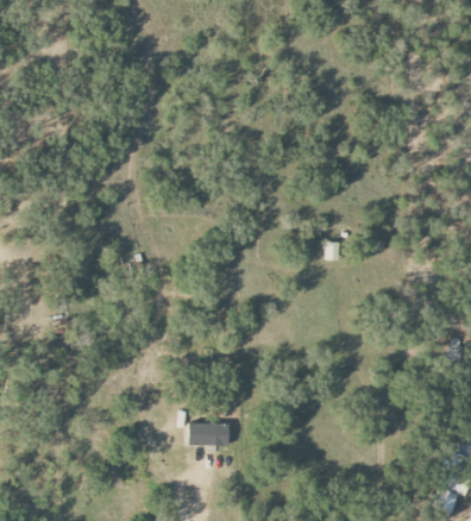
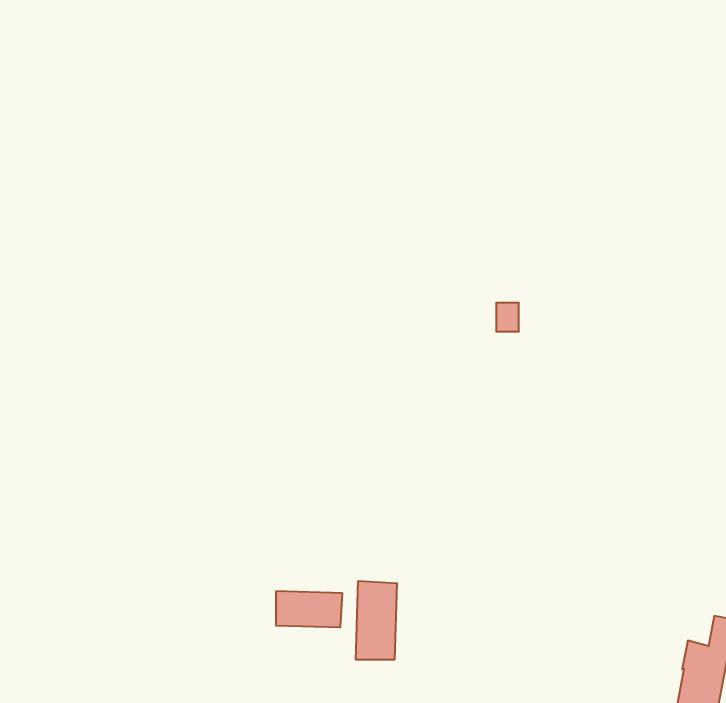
building: none -> [356,581,397,660]

